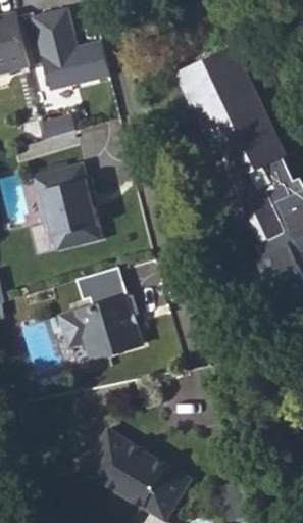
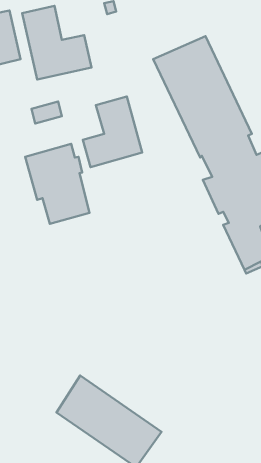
building: none -> [83,97,142,167]
building: [62,267,143,355] -> none

